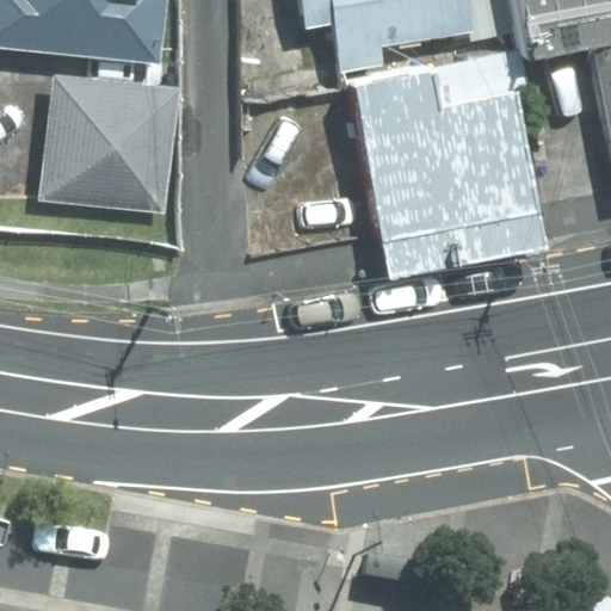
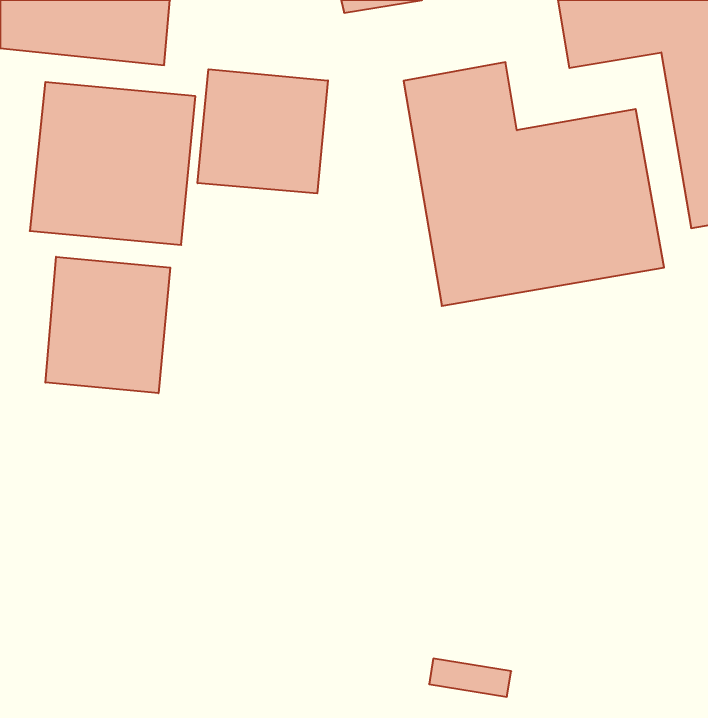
building: none -> [198,69,328,193]
building: none -> [45,257,170,393]

